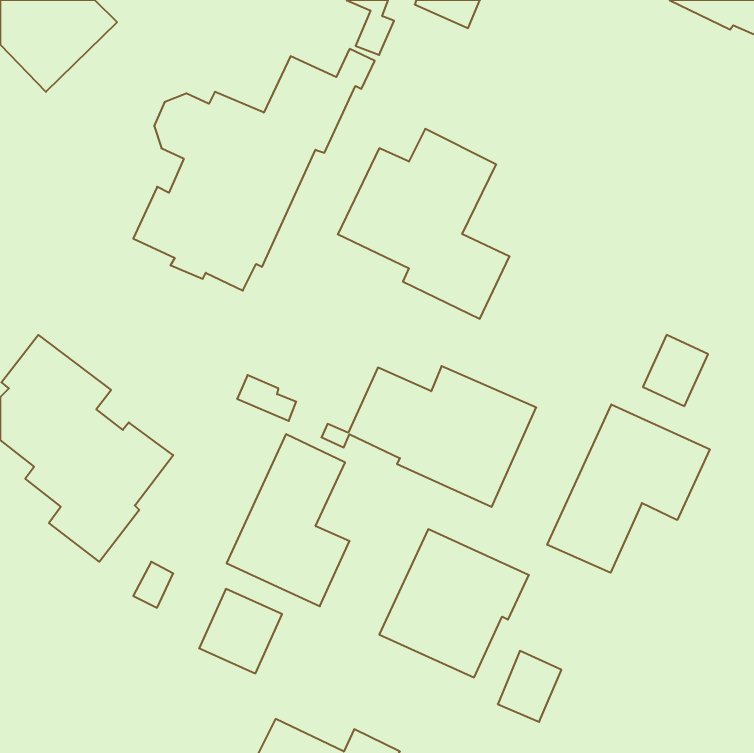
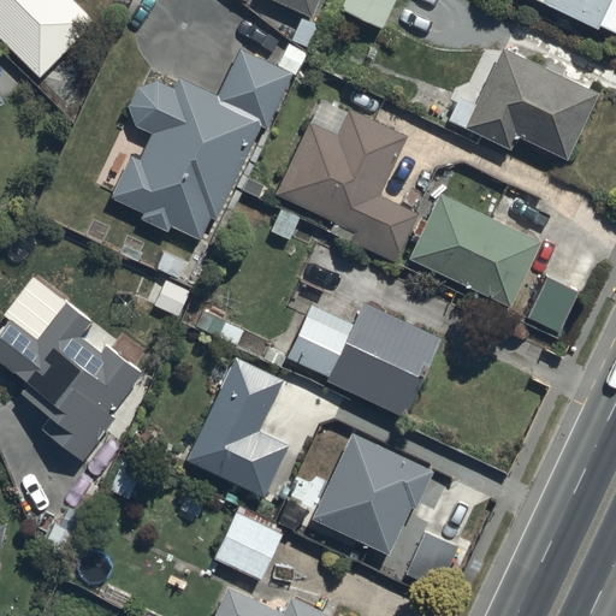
building: none -> [463,47,597,159]
building: none -> [407,192,540,304]
building: [547,404,710,573] -> none
building: [199,589,282,673] -> [214,511,282,580]

